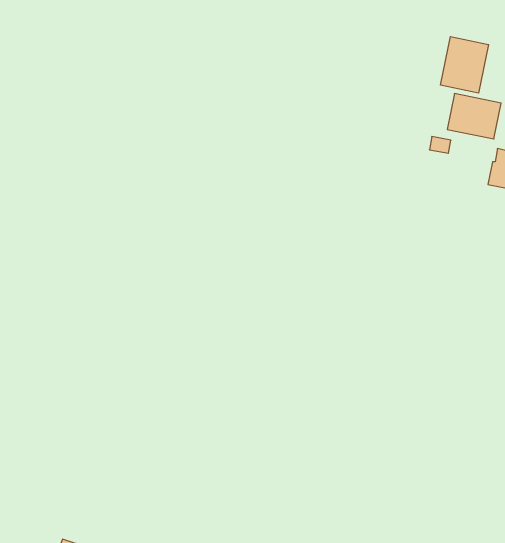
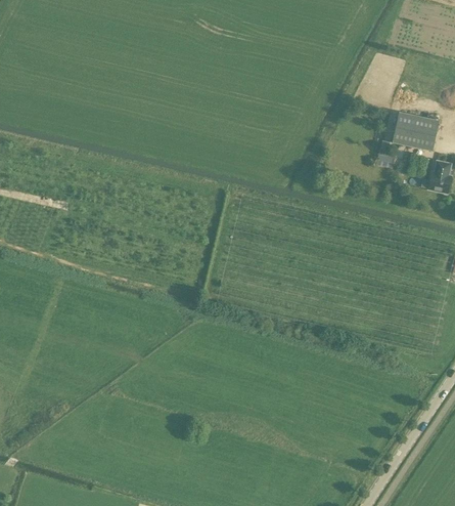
building: [441,37,489,93] -> none

